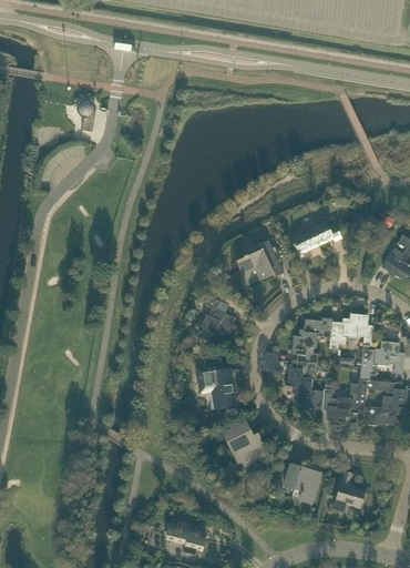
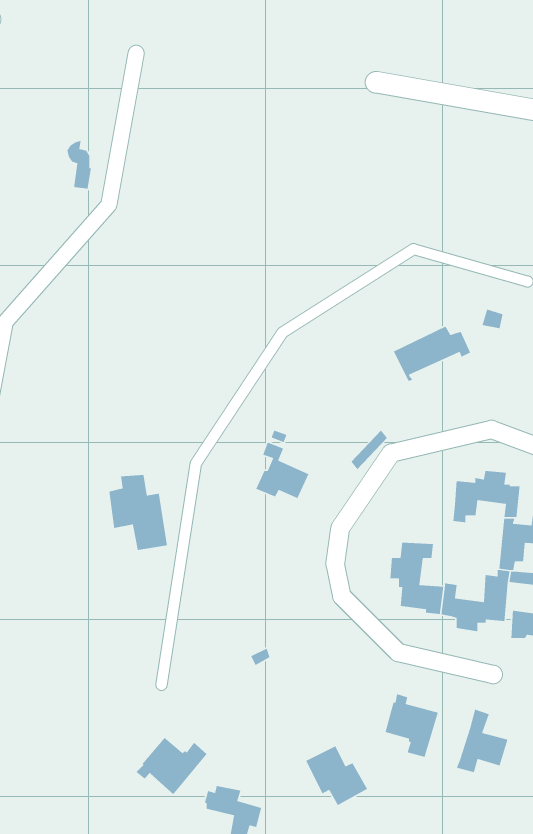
building: [236,240,284,281] -> none
building: [294,317,332,363] -> none
building: [196,357,235,407] -> [108,474,168,551]
building: [225,424,266,464] -> [305,745,368,806]
building: none -> [136,737,208,795]

